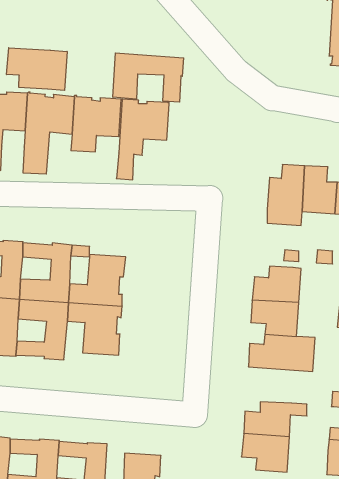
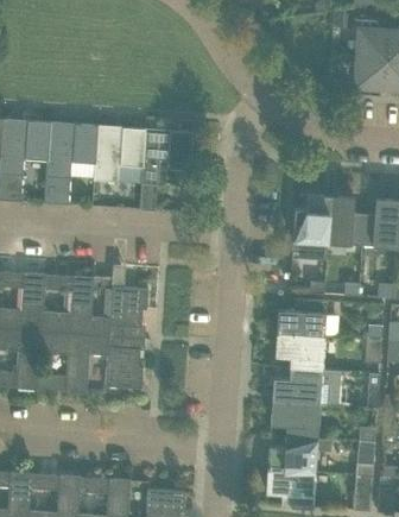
building: [7,48,67,90] -> none
building: [113,53,184,102] -> none
building: none -> [271,401,319,437]

